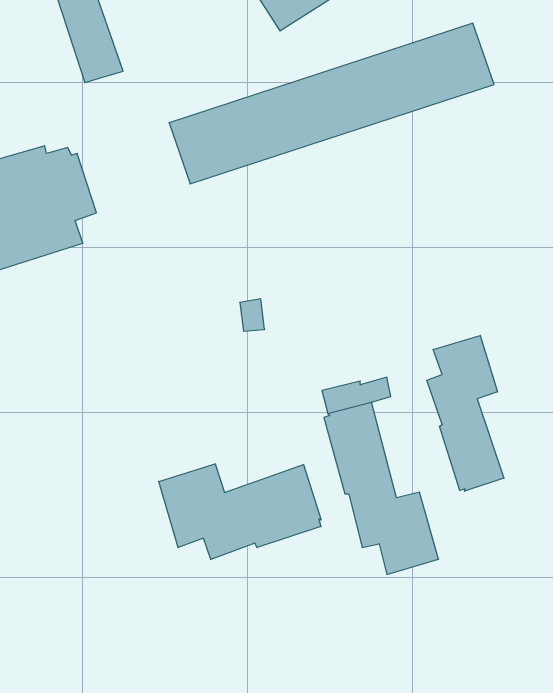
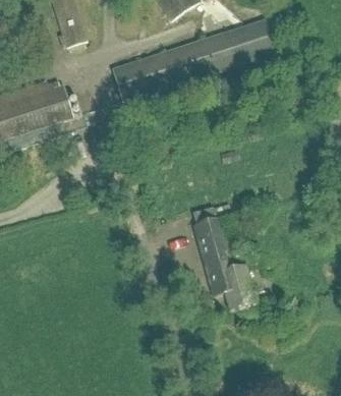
building: [427,335,504,491] -> none
building: [159,464,321,560] -> none

